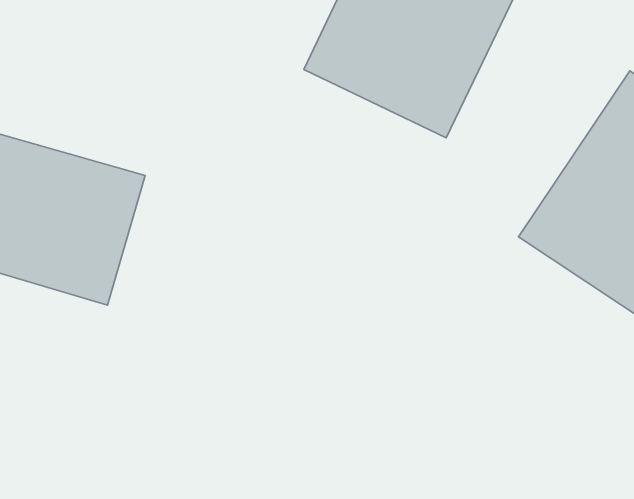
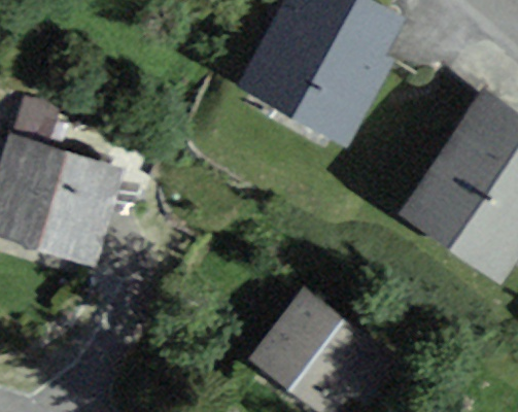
building: none -> [257,294,361,399]

